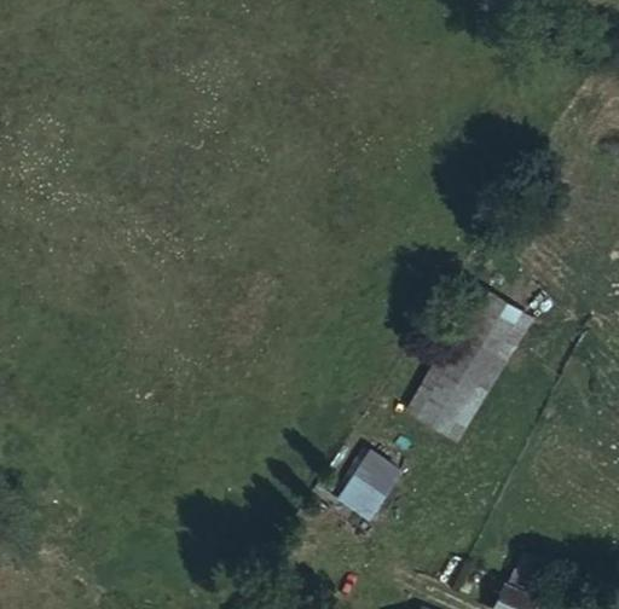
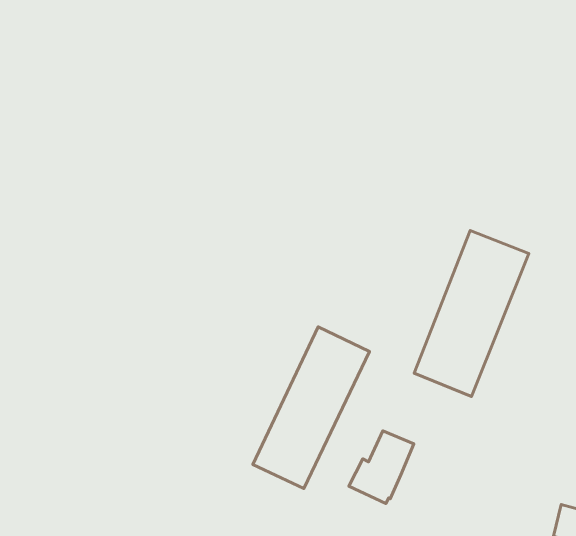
building: none -> [253,327,369,488]

